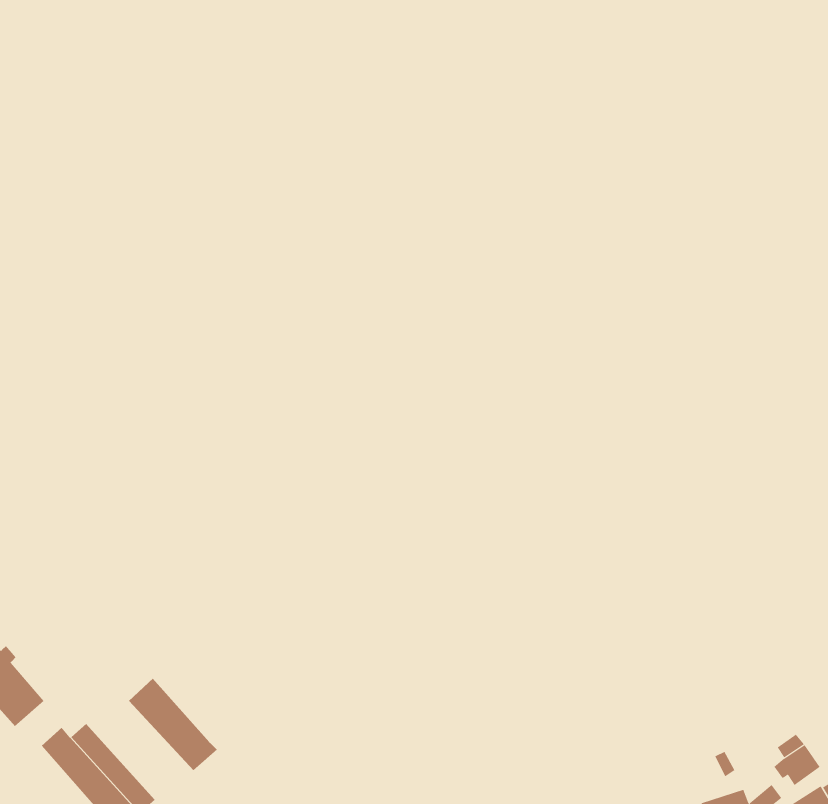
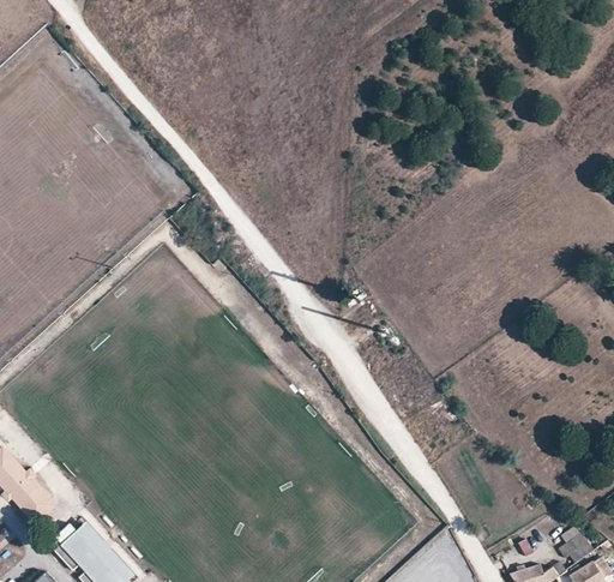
building: [128,678,218,771] -> none

